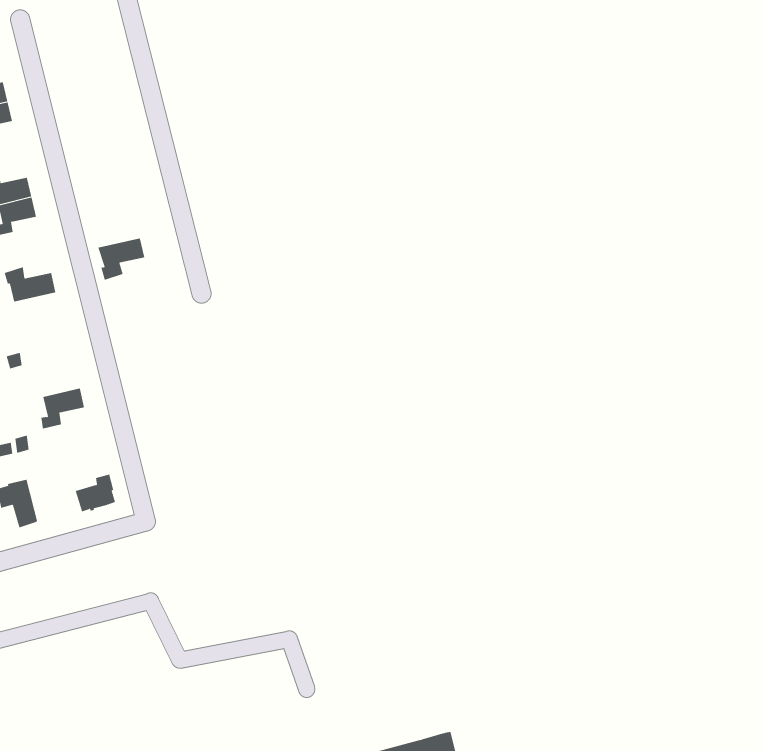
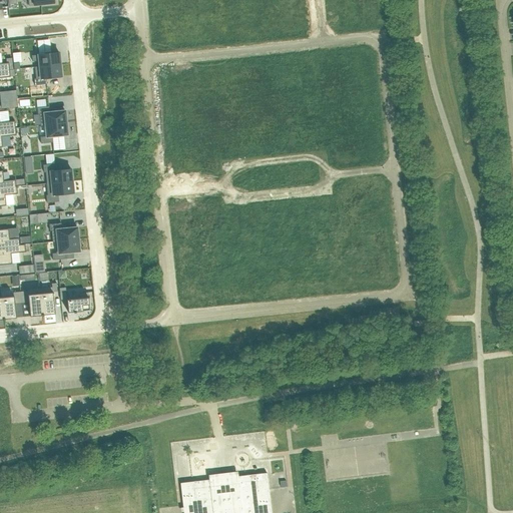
building: [98,238,145,281] -> [46,181,73,203]
building: none -> [49,223,78,242]
building: none -> [39,284,57,316]

